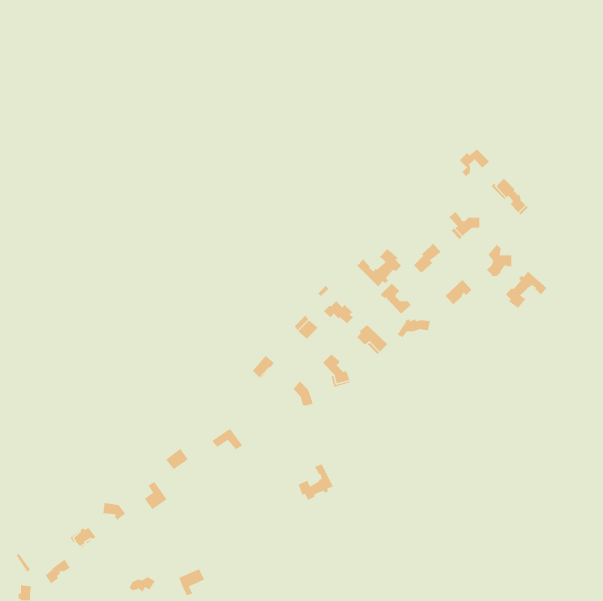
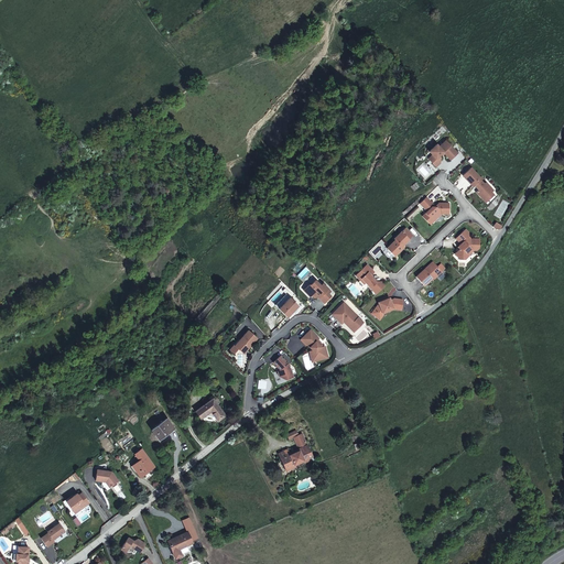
building: [357,248,402,287] -> none
building: [505,271,547,309] -> none

